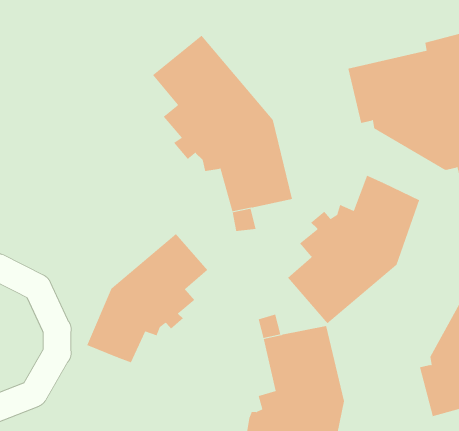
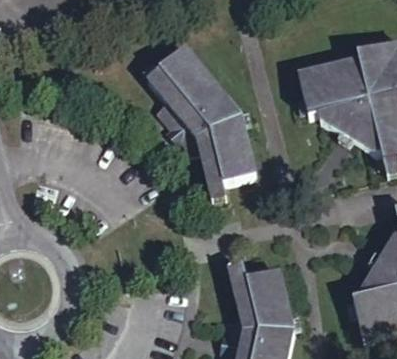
building: [287,175,420,324] -> none
building: [87,233,208,363] -> none

